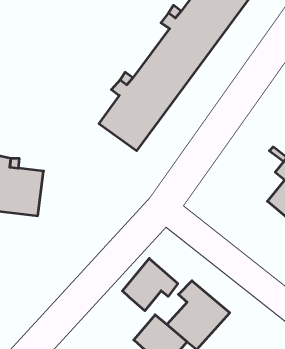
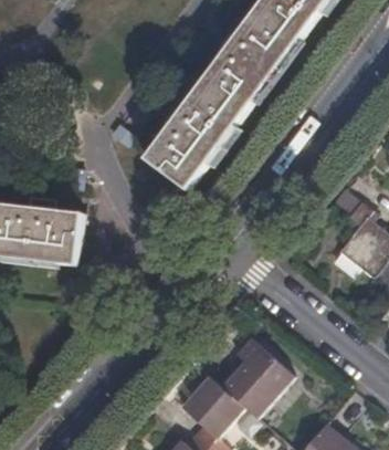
building: [122,258,178,311] -> none

